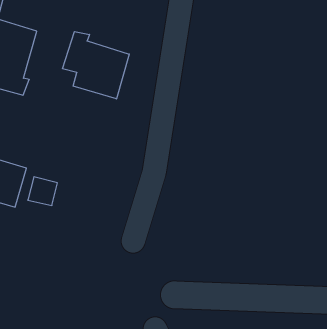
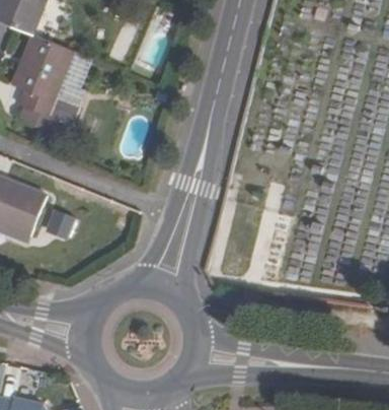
building: [63,32,129,99] -> none

